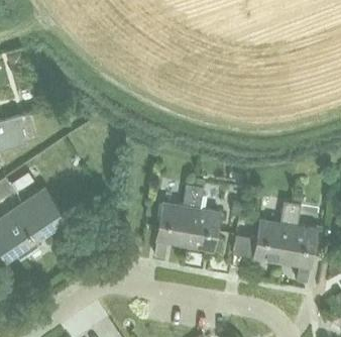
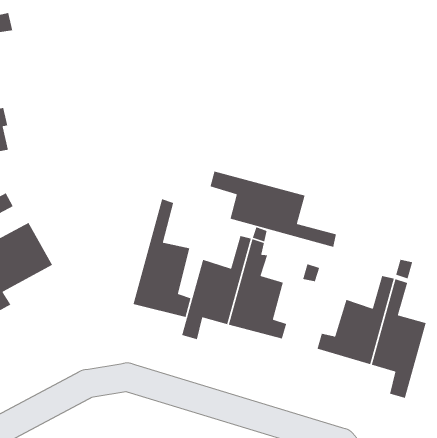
building: none -> [210,170,337,248]
building: none -> [132,198,191,318]

